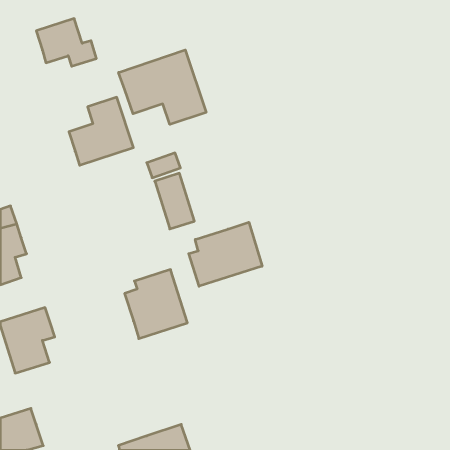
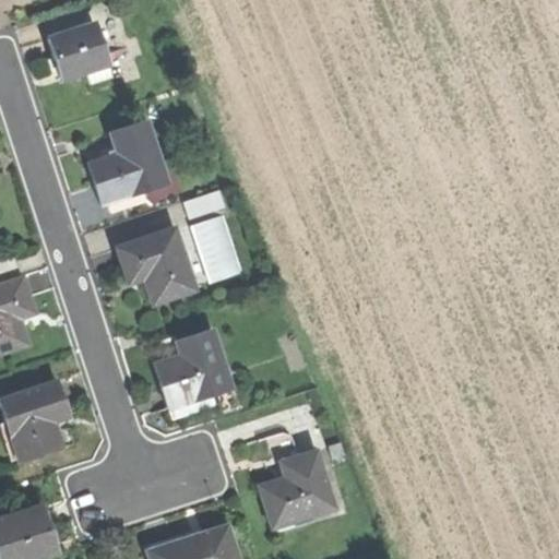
building: [119,50,206,124] -> none
building: none -> [114,227,194,304]
building: [189,222,262,286] -> none
building: none -> [260,447,336,526]

